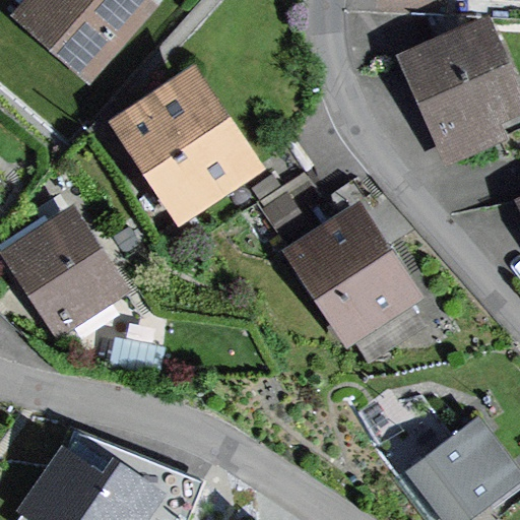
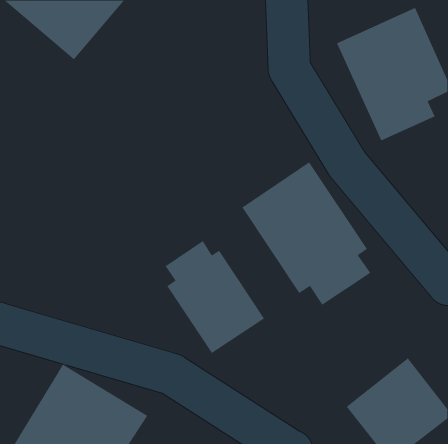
building: [111,59,271,225] -> none
building: [4,204,134,339] -> none
building: none -> [165,240,265,354]

